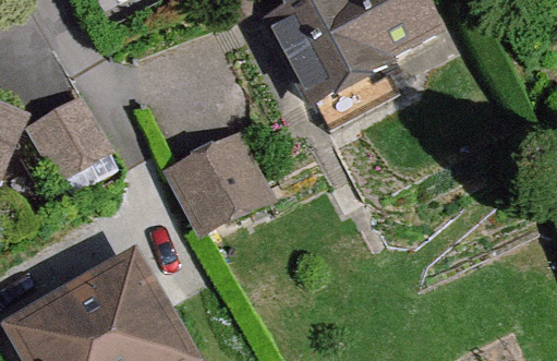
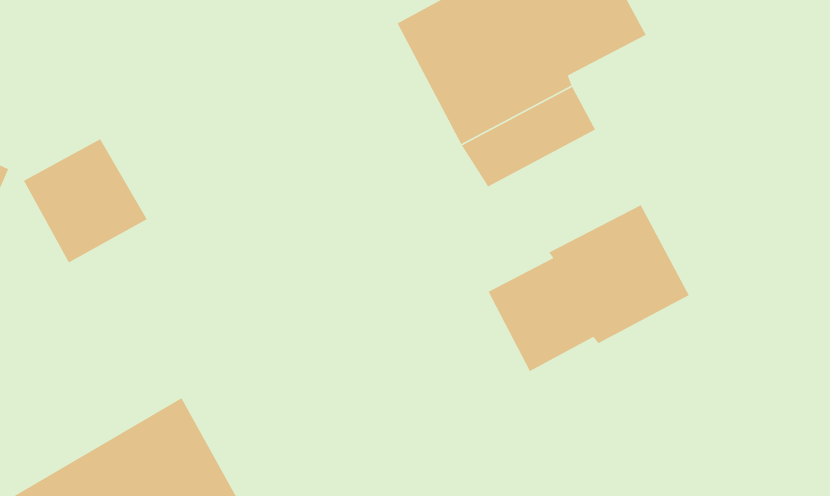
building: none -> [488,204,690,372]
building: [171,140,267,224] -> none

